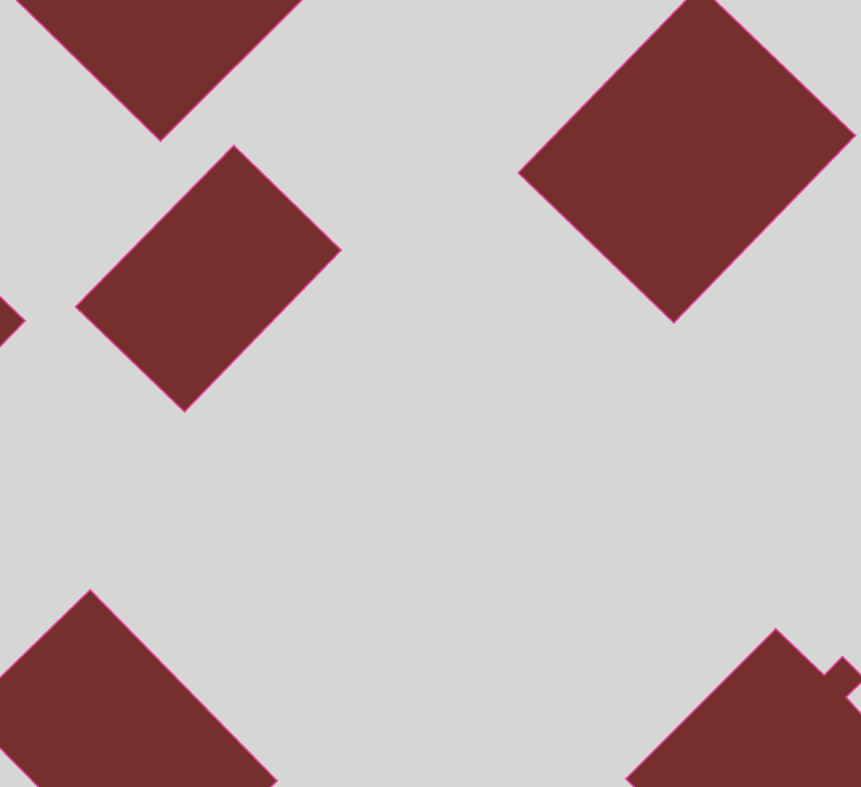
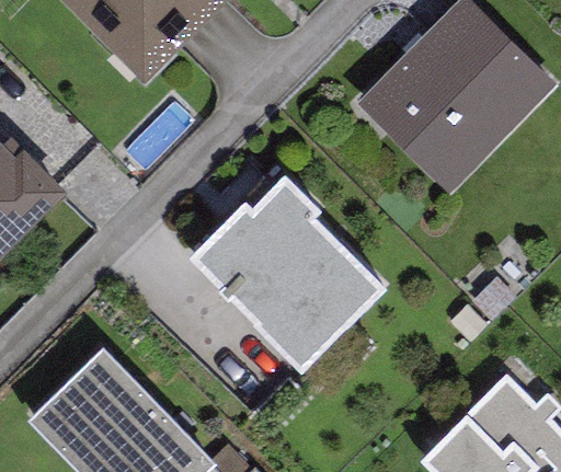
building: [76,145,341,412] -> none
building: none -> [194,181,382,371]

